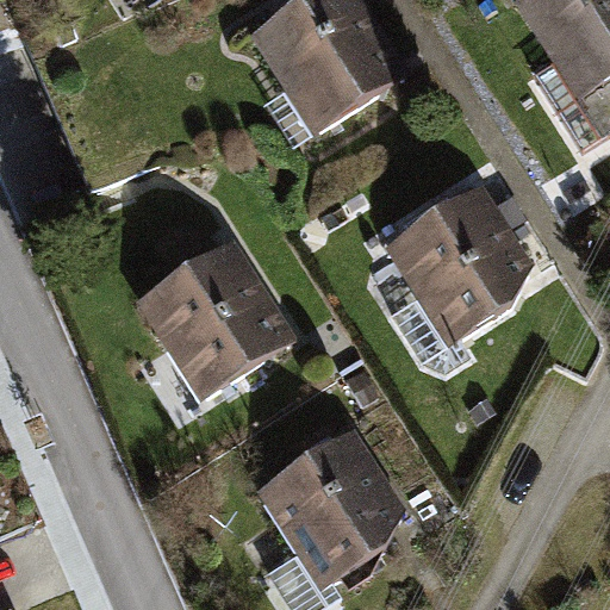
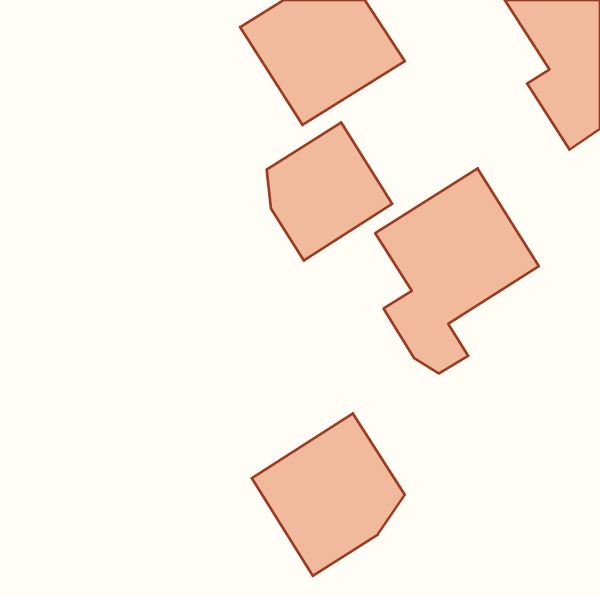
building: none -> [267,122,392,261]
building: [133,234,299,398] -> none

